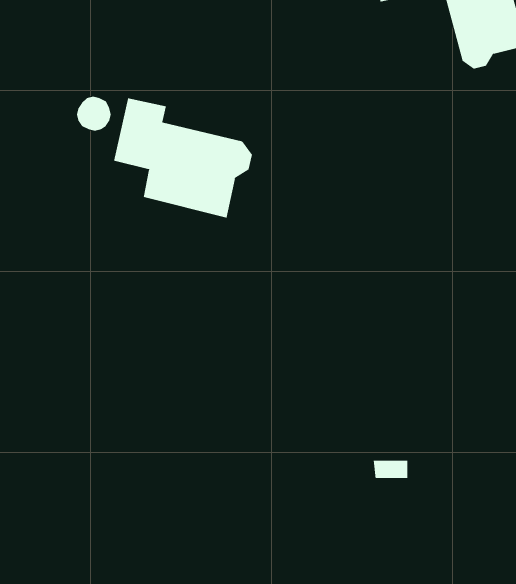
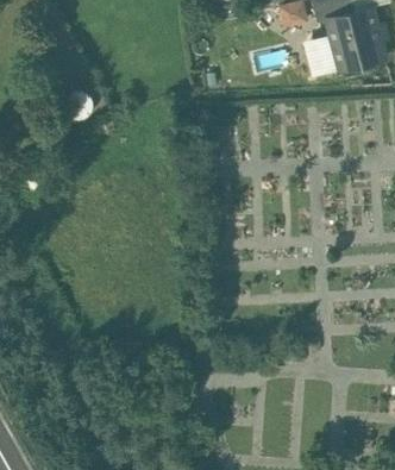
building: [114,97,252,218] -> none

